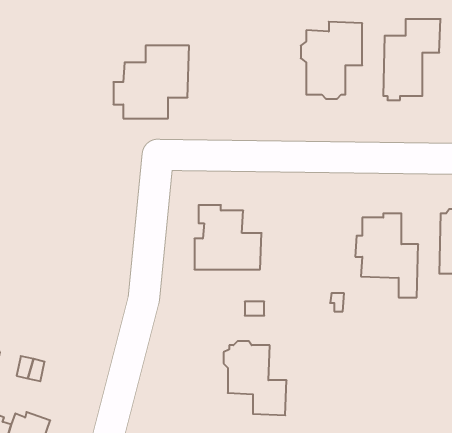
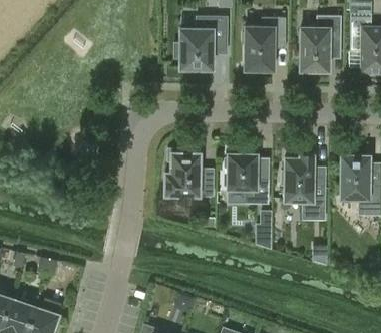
building: [113,46,189,118] -> [172,17,227,69]
building: [224,341,287,415] -> [224,151,269,205]

